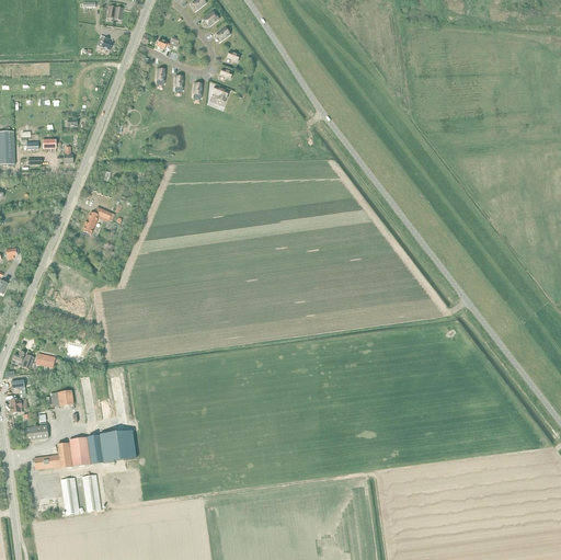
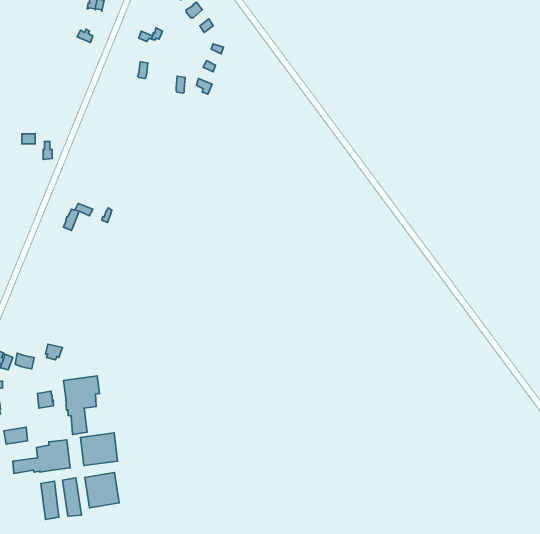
building: none -> [64,376,99,435]
building: none -> [85,473,119,508]

